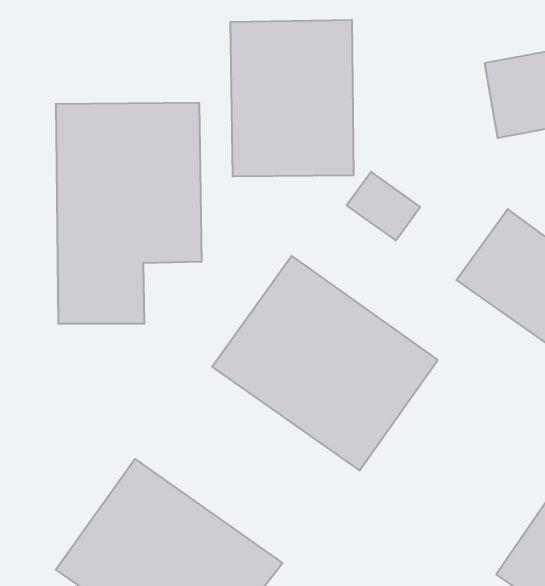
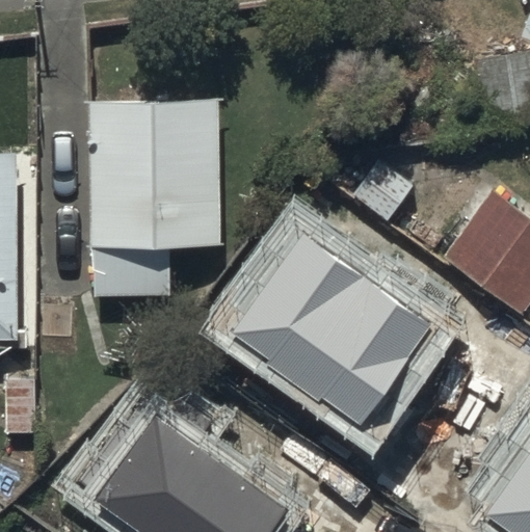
building: [231,20,354,177] -> none

